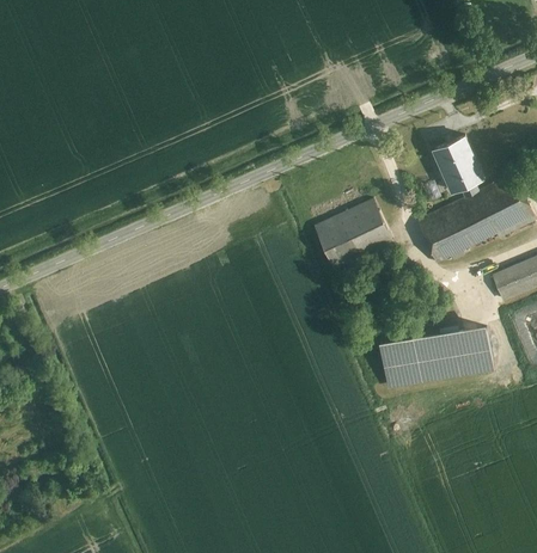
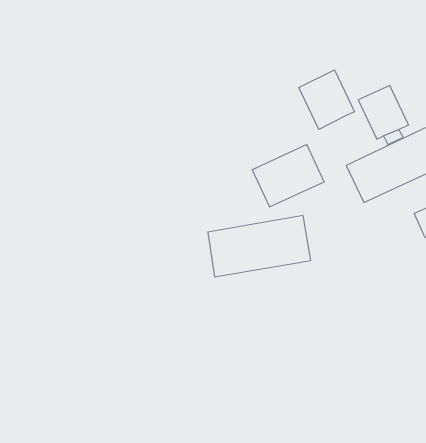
building: none -> [299,70,354,129]
building: [380,324,493,391] -> [208,216,311,277]

